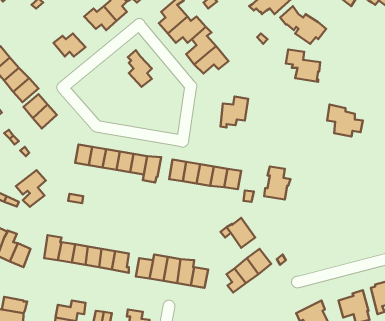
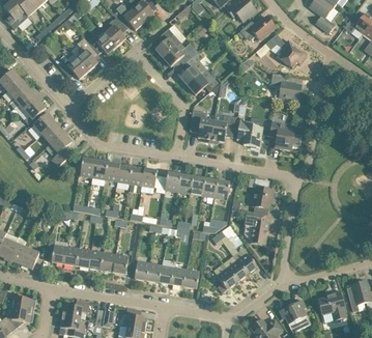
building: [128,50,152,87] -> [76,37,97,71]
building: none -> [189,110,212,142]
building: none -> [236,120,262,147]
building: [327,105,363,137] -> [268,121,301,150]
building: [16,170,46,207] -> [45,133,71,166]
building: none -> [244,213,267,245]

